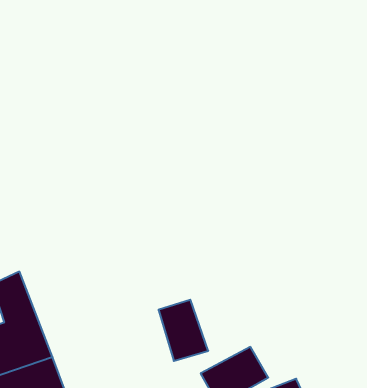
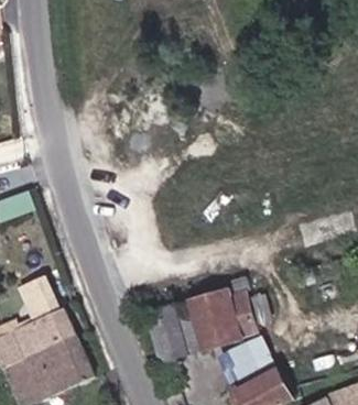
building: none -> [193,282,268,340]

